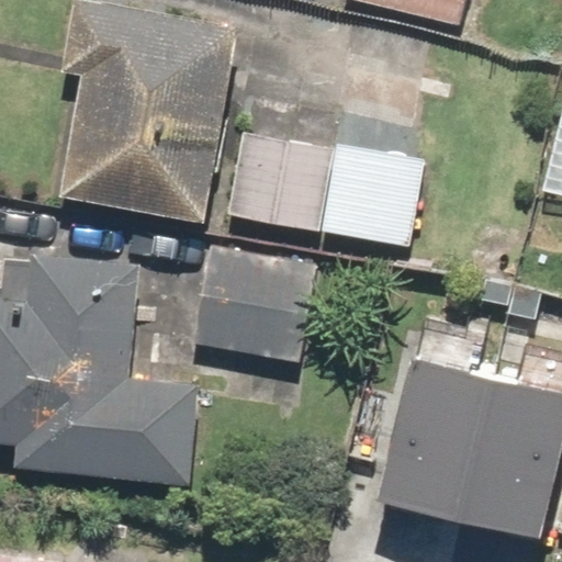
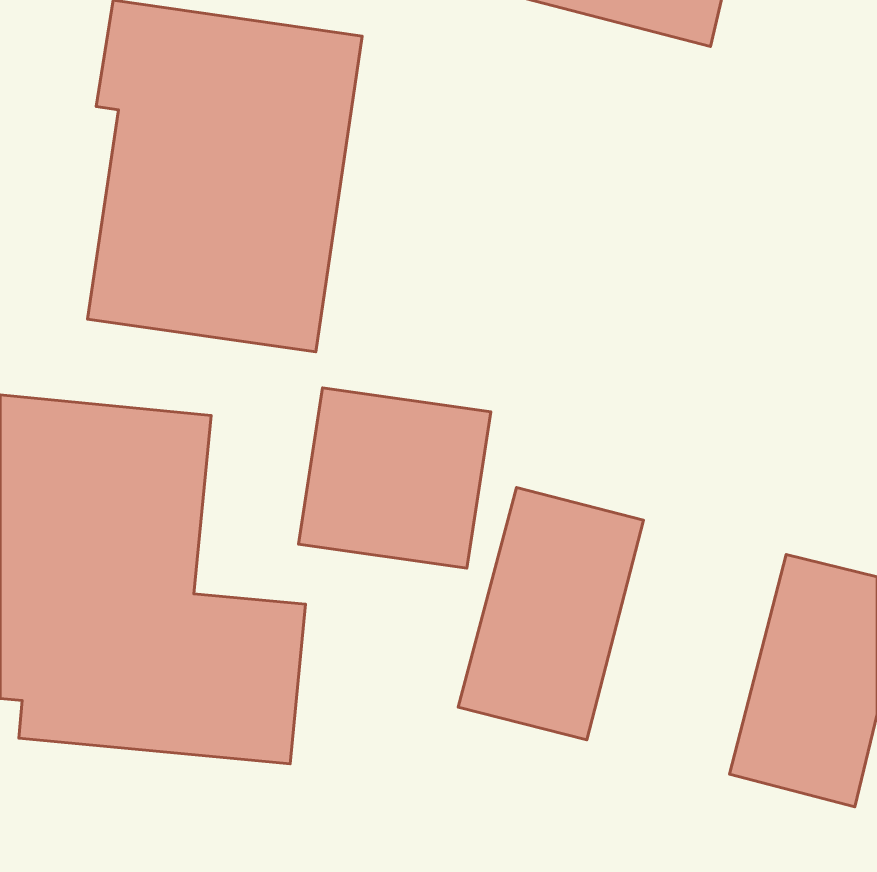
building: [228,130,425,250] -> none
building: [384,334,503,495] -> [458,487,643,740]

